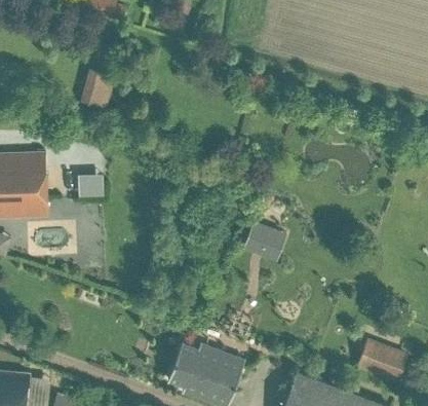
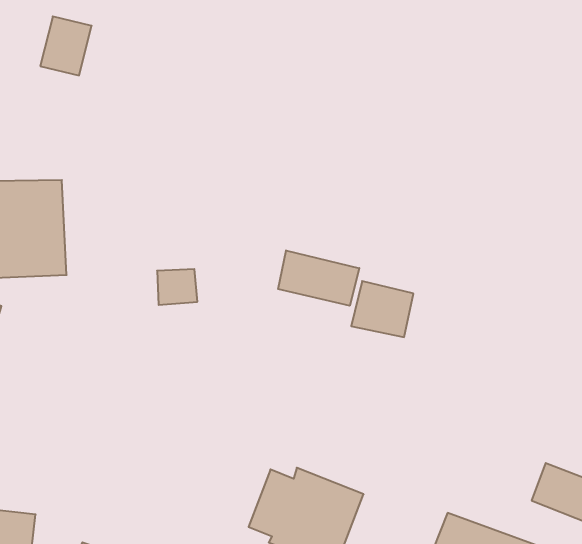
building: [81,69,115,108] -> [40,16,92,75]
building: [72,175,99,198] -> [157,269,197,305]
building: none -> [278,250,359,306]

